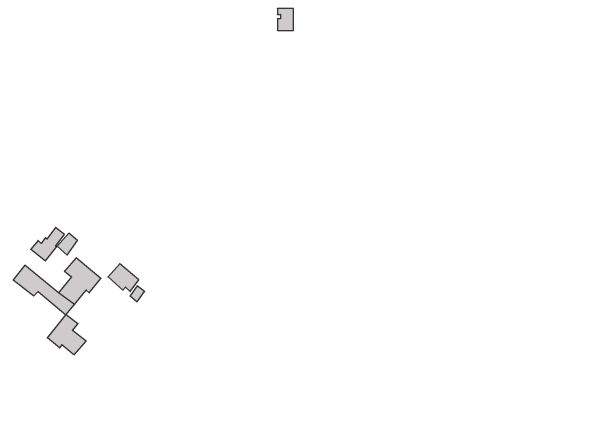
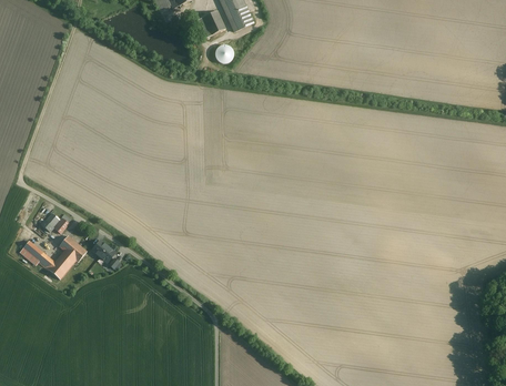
building: [47,315,86,355] -> none

